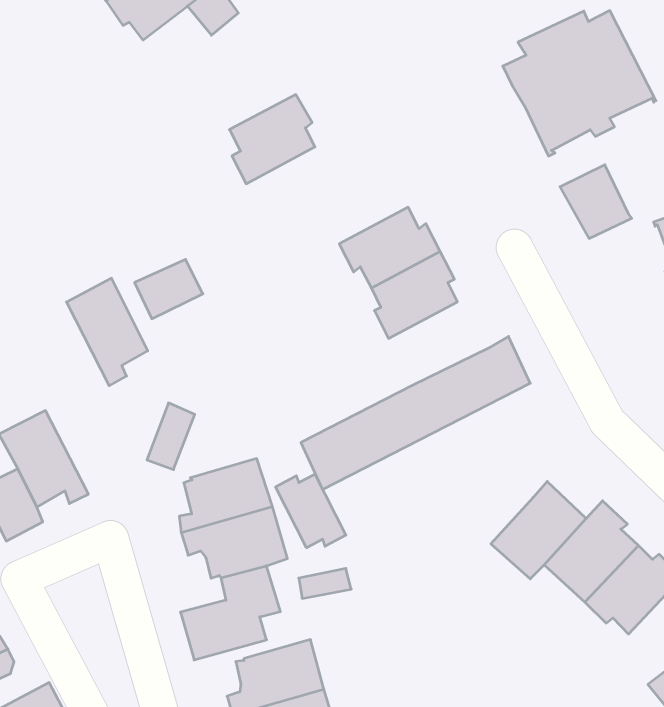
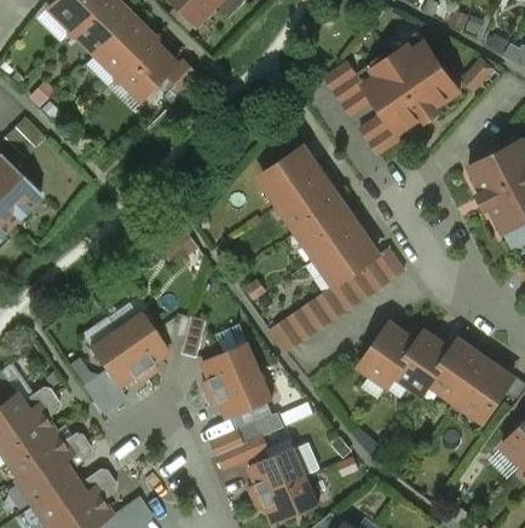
building: none -> [324,65,370,114]
building: [229,95,315,184] -> [264,147,317,205]
building: [560,165,632,238] -> [354,108,400,153]
building: [66,278,148,386] -> [114,312,167,377]
building: none -> [316,231,377,285]
building: none -> [362,324,416,385]
building: [276,474,346,548] -> none

